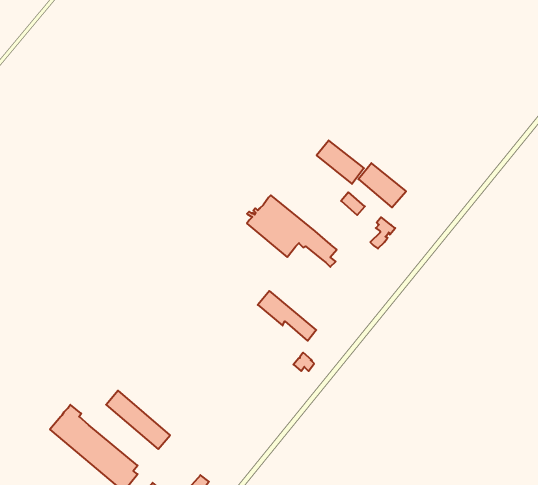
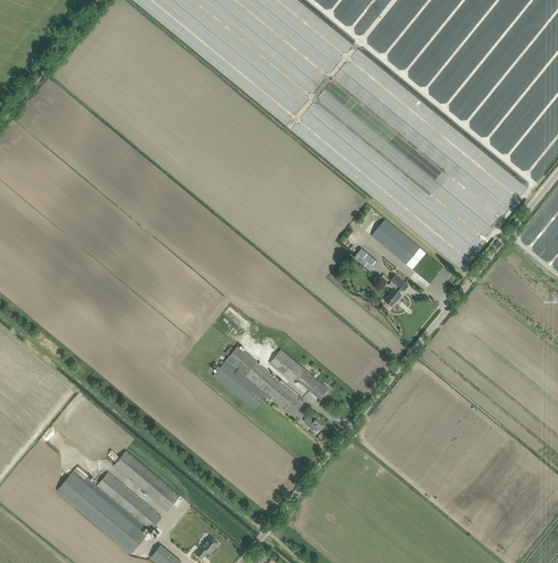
building: [317,140,364,184] -> none
building: [247,195,337,267] -> [212,347,303,419]
building: none -> [96,471,161,530]

